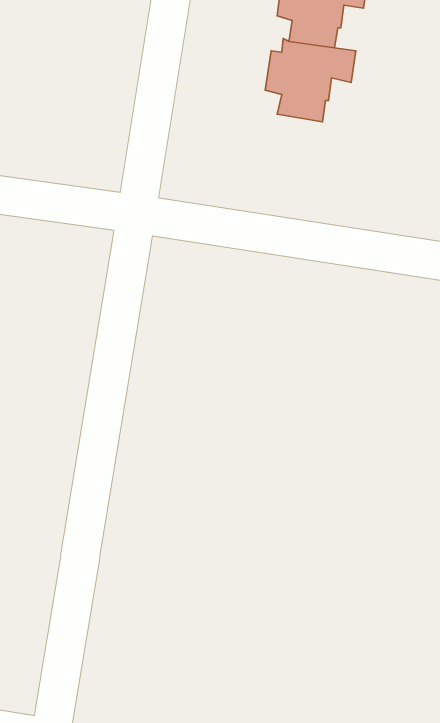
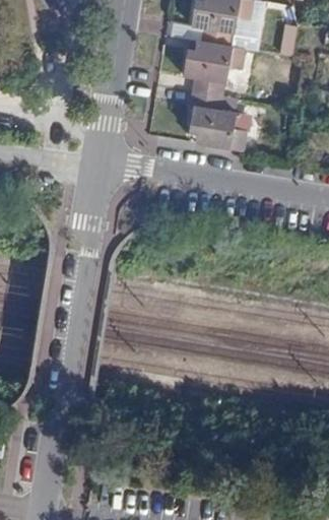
building: none -> [188,91,246,151]

